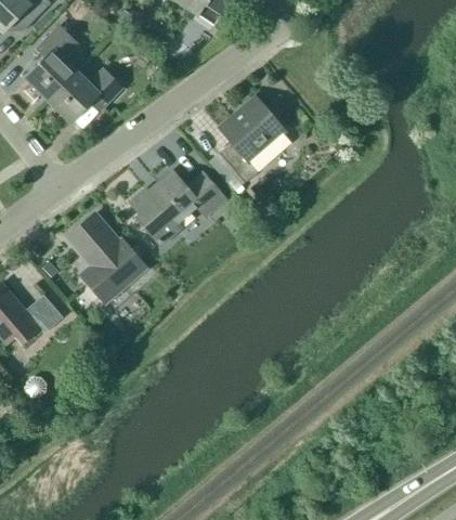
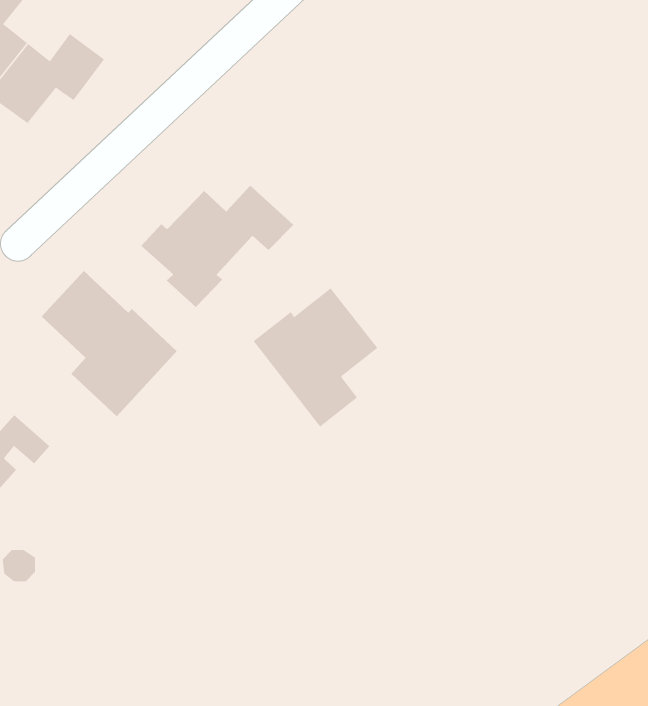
building: [218,96,284,181] -> none
building: none -> [253,287,378,427]

